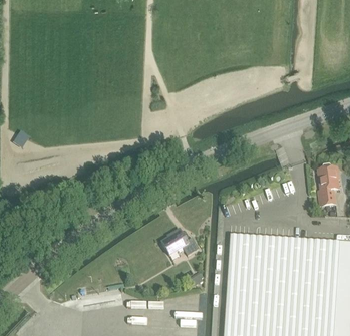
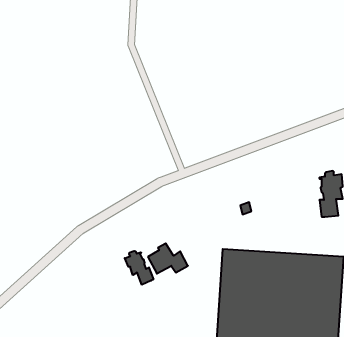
building: none -> [125,251,153,285]

